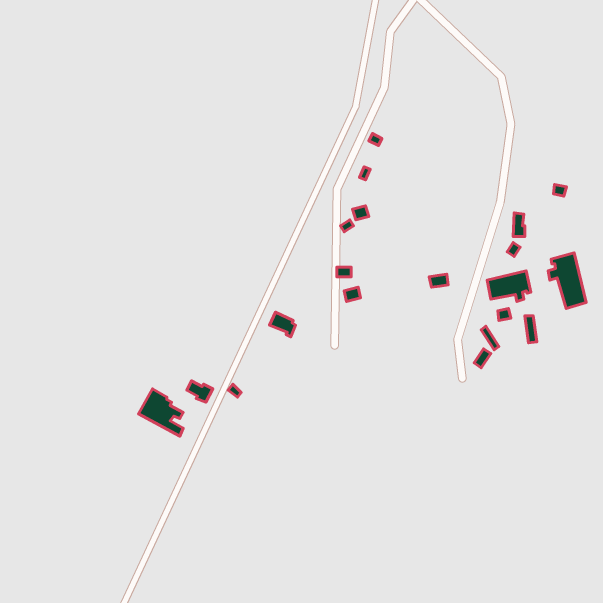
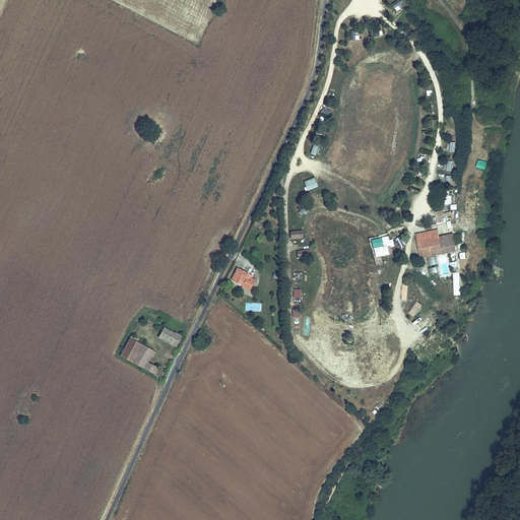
building: [548,253,586,309] -> none

